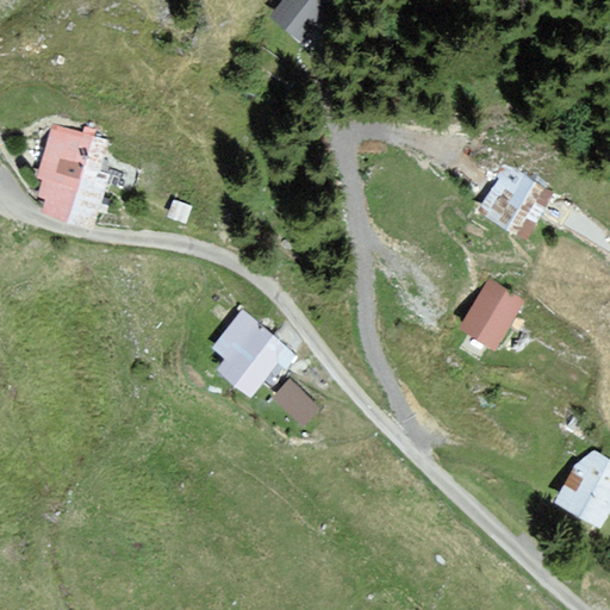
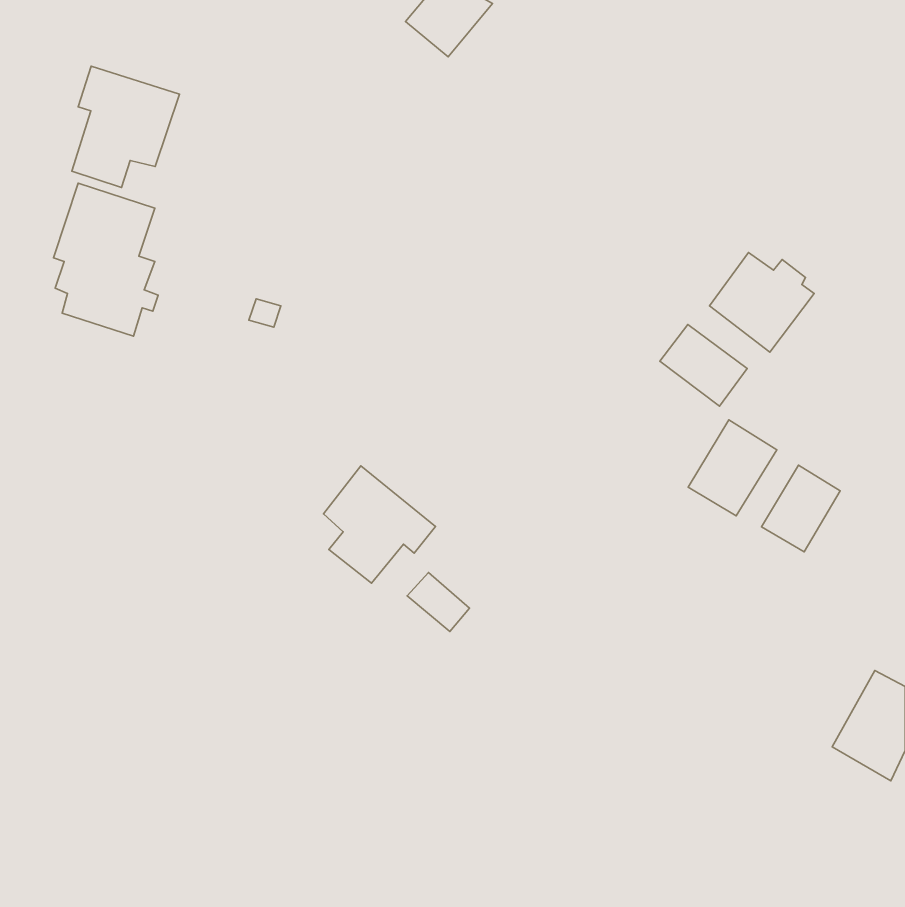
building: none -> [72,66,179,188]
building: none -> [660,325,747,406]
building: none -> [761,465,840,552]

